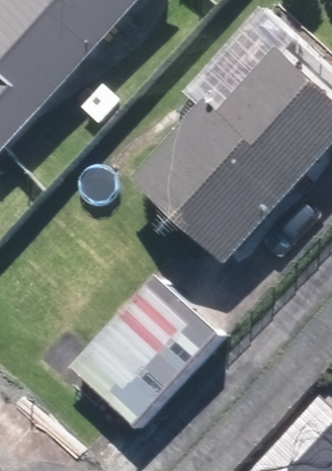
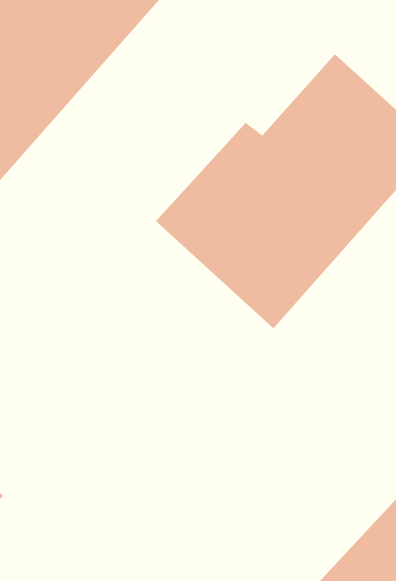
building: [70,276,219,427] -> none

